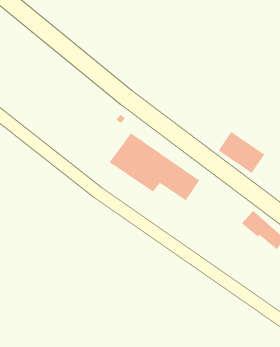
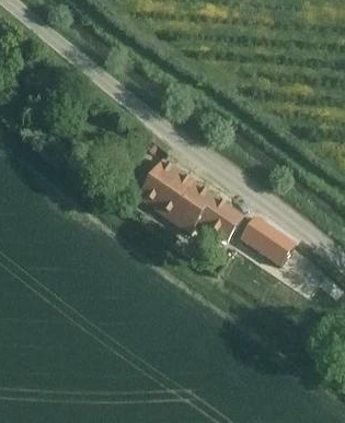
building: [218,131,265,174] -> [239,215,295,266]

